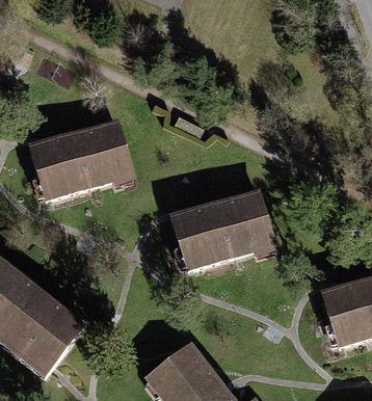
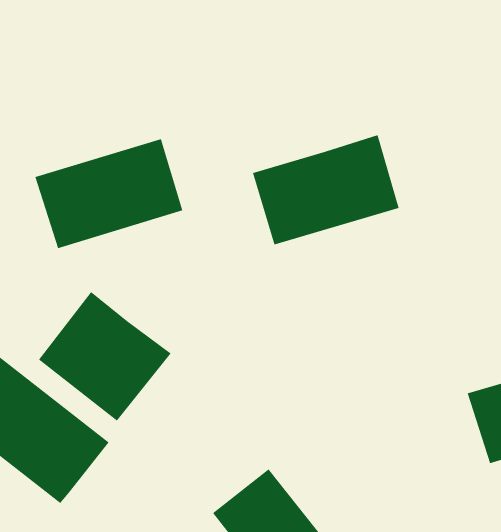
building: [172,192,272,267] -> [252,135,399,245]
building: none -> [38,291,171,421]

